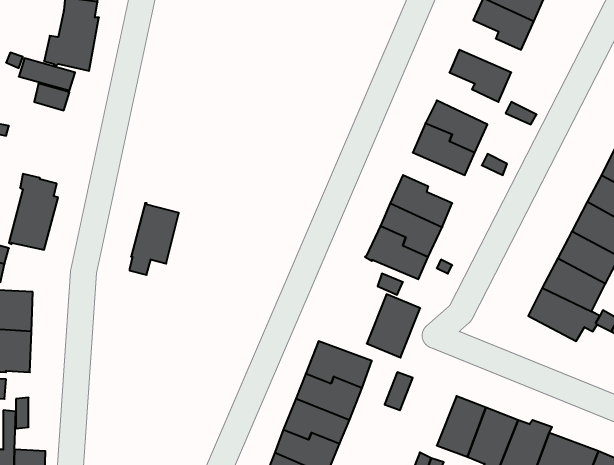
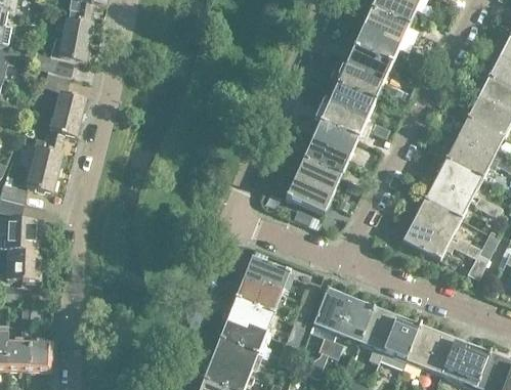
building: none -> [353,26,398,63]
building: none -> [337,63,382,101]
building: none -> [312,122,357,159]
building: [130,203,179,275] -> [48,92,84,144]
building: [367,294,420,358] -> [312,289,351,335]

